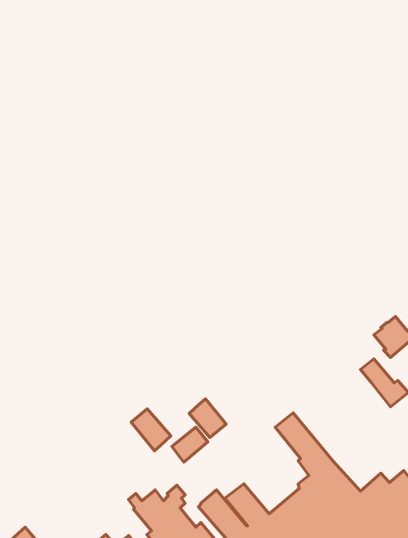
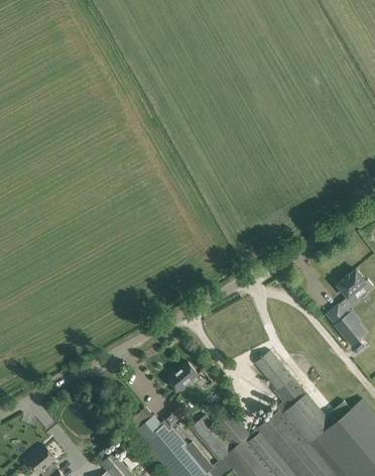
building: [189,399,226,438] -> none
building: [131,409,171,451] -> none

